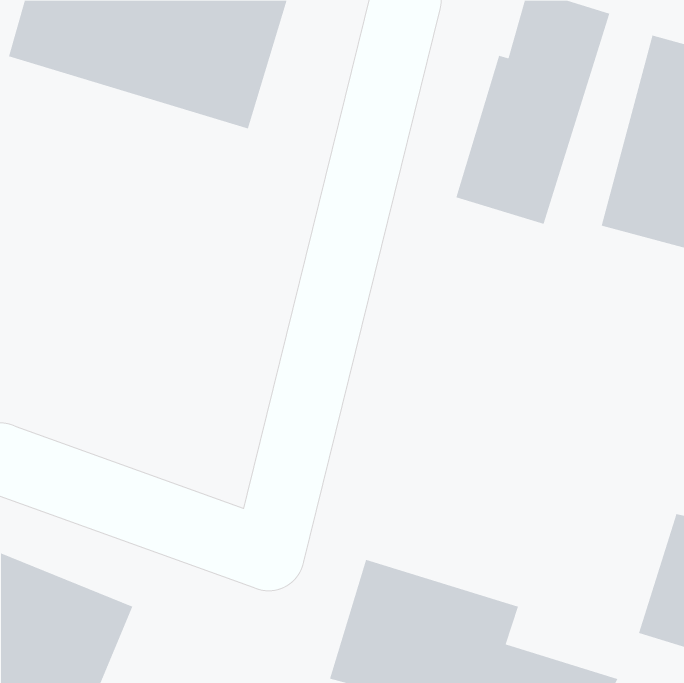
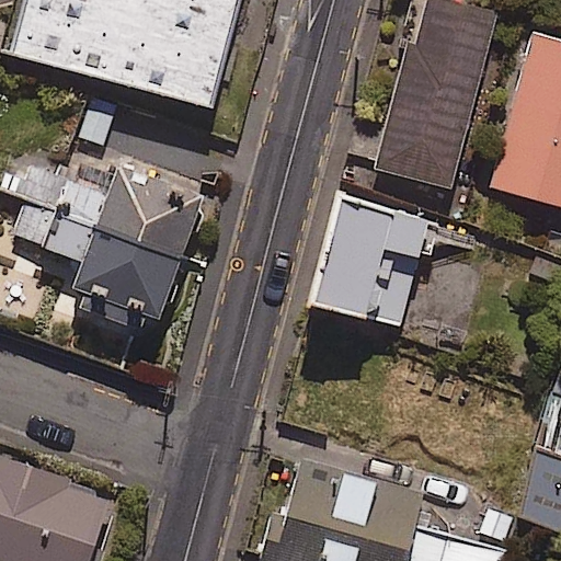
building: none -> [14,165,202,332]
building: none -> [306,192,439,323]

